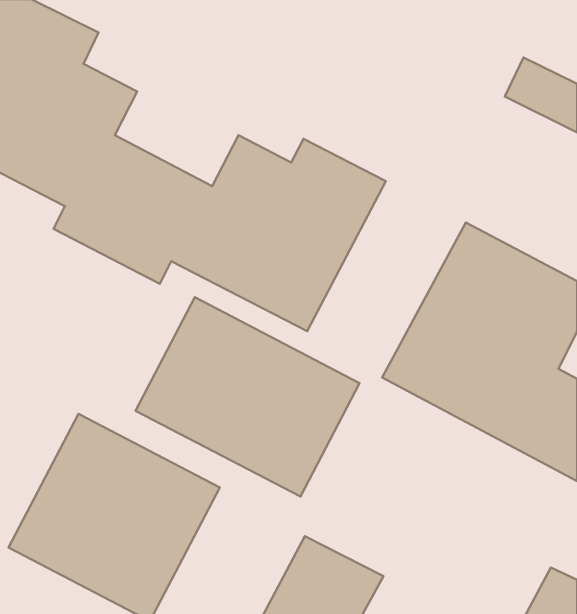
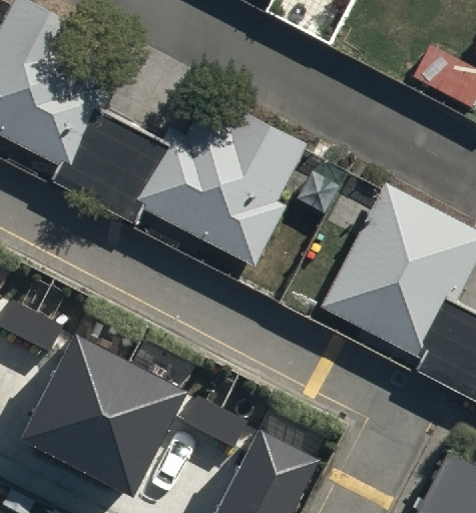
building: [136,297,360,497] -> none

